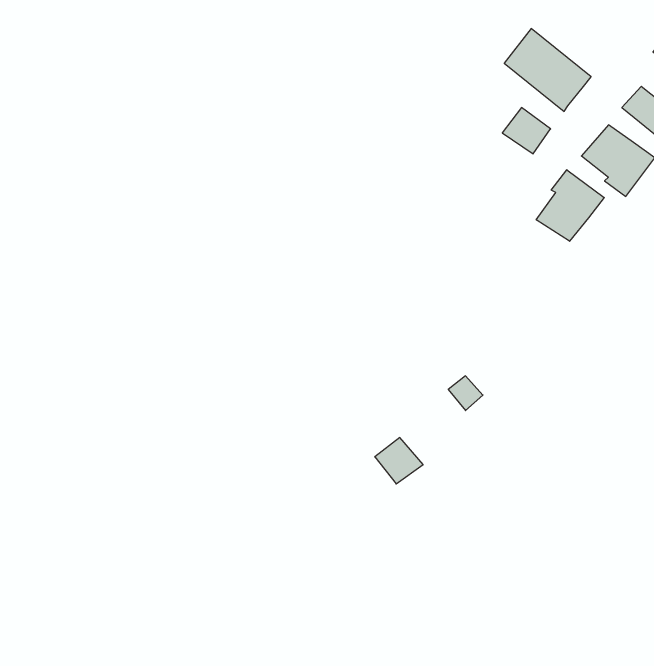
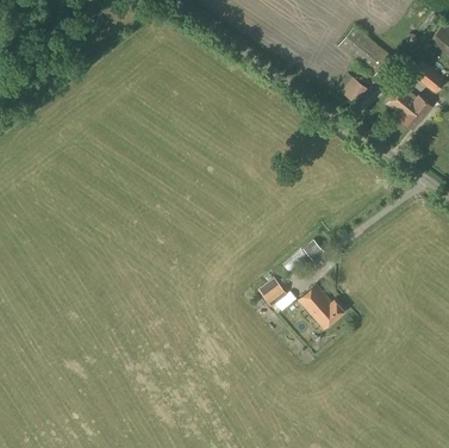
building: [536,170,604,241] -> none
building: none -> [298,284,344,329]

